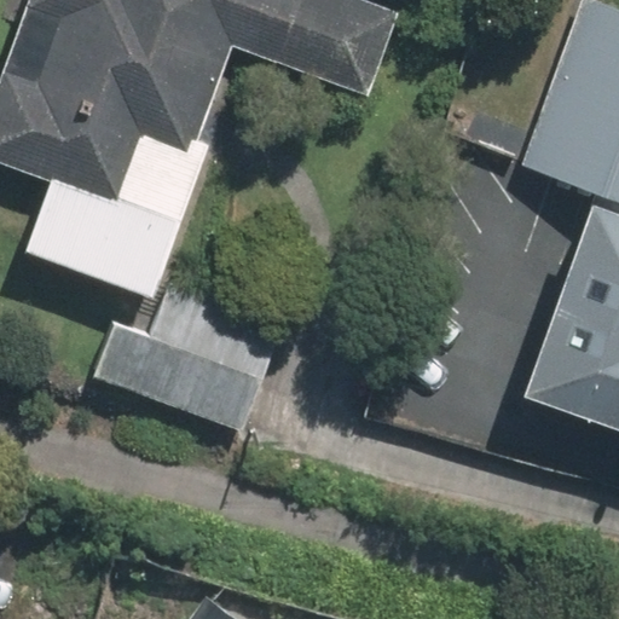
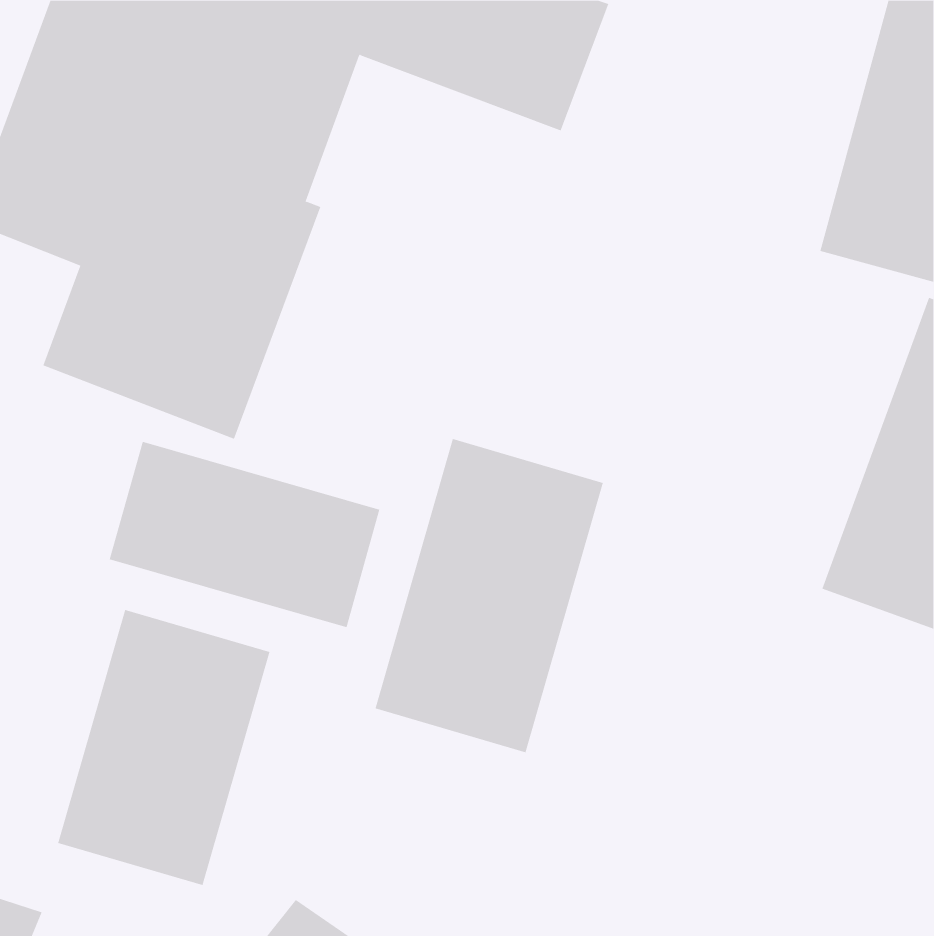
building: none -> [375,438,604,753]
building: none -> [58,609,270,886]

